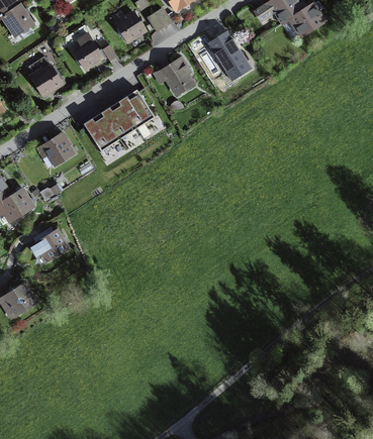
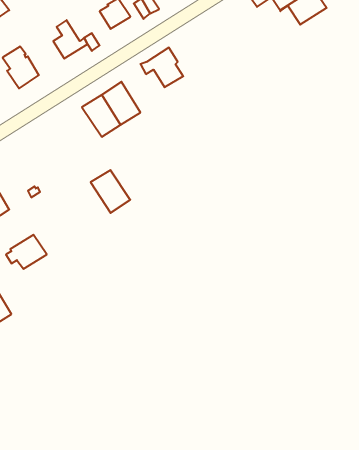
building: [208,31,250,80] -> none
building: [82,112,118,151] -> [91,170,130,213]
building: [37,132,73,166] -> none

